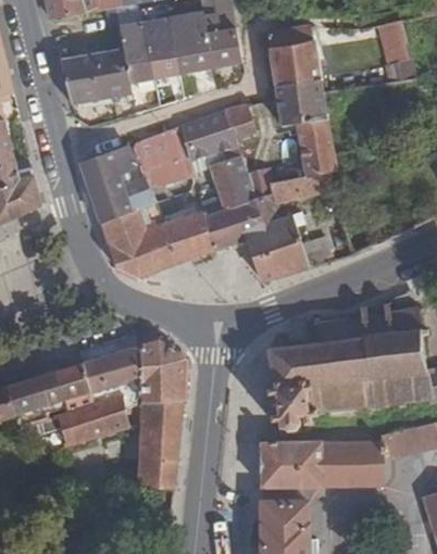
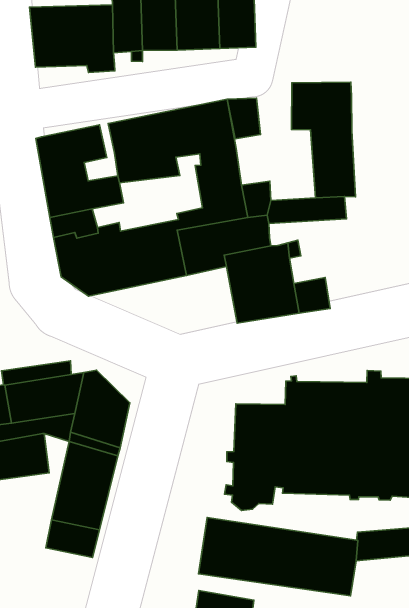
building: [267,26,321,88] -> none

